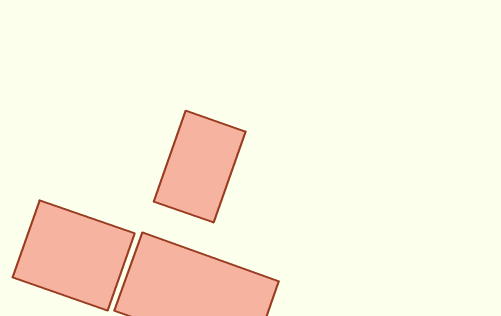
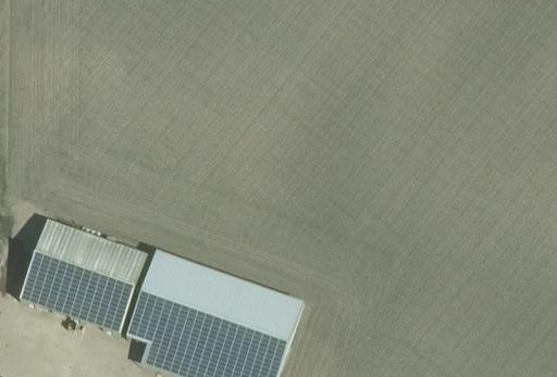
building: [154,111,246,223] -> none

